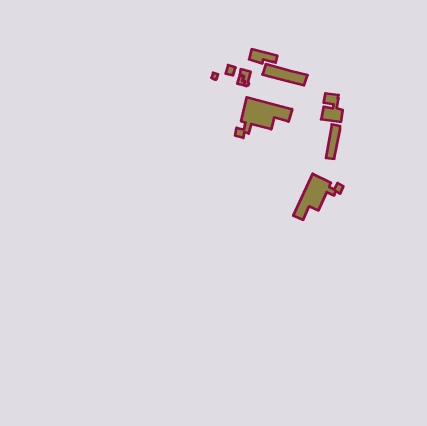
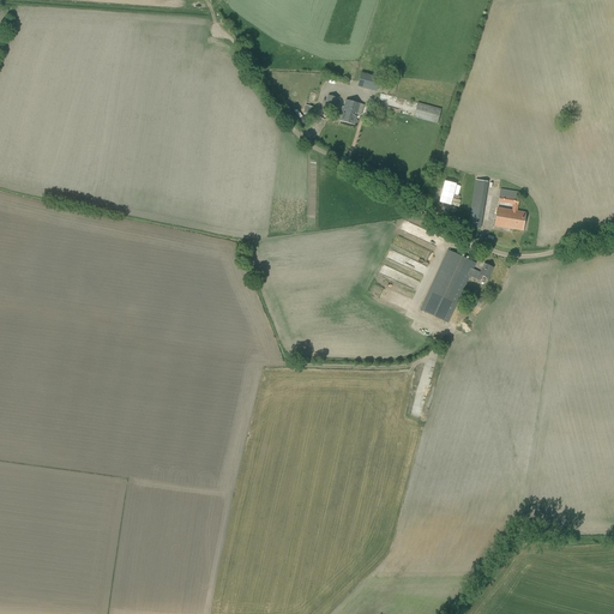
building: [321,93,343,122] -> [494,188,525,229]
building: [235,97,292,138] -> none

